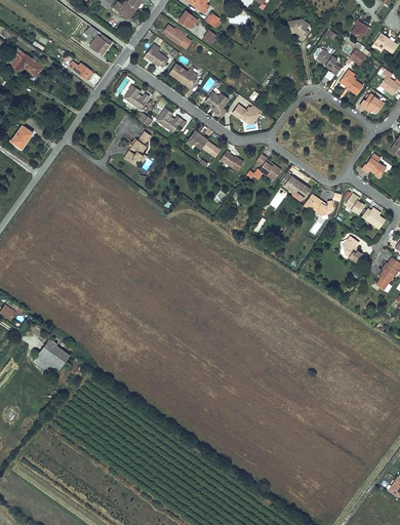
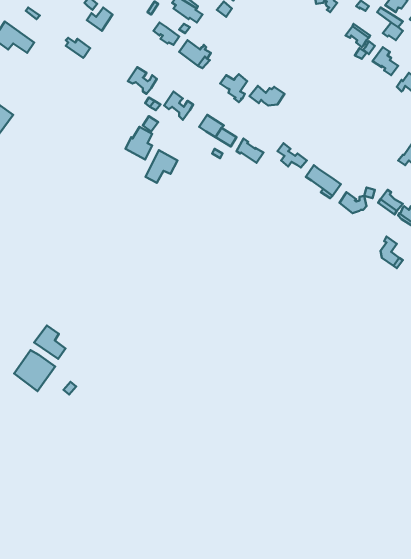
building: none -> [145,150,178,183]
building: none -> [34,325,66,359]

